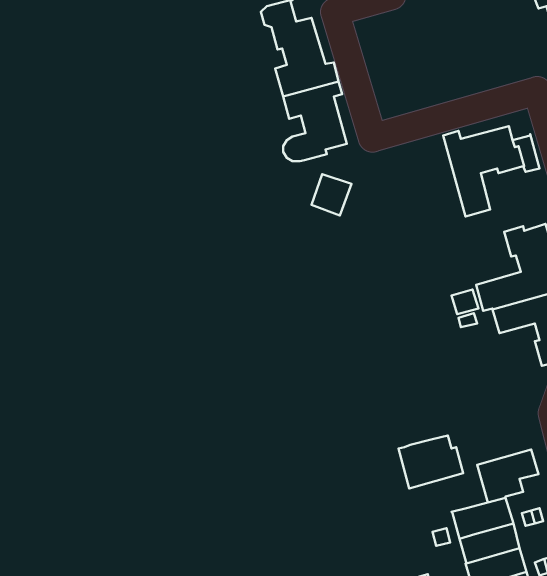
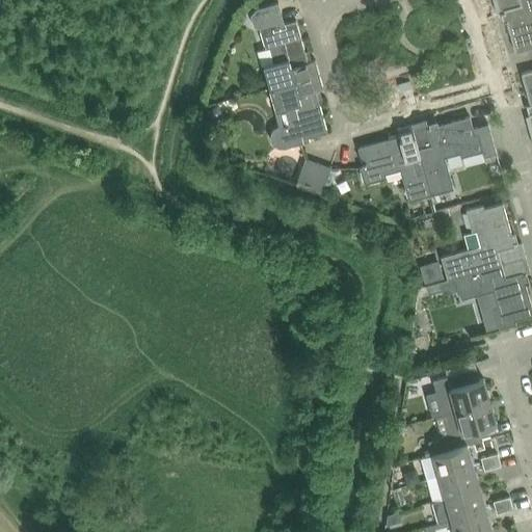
building: none -> [356,126,431,204]
building: [399,436,463,488] -> [432,370,489,417]

